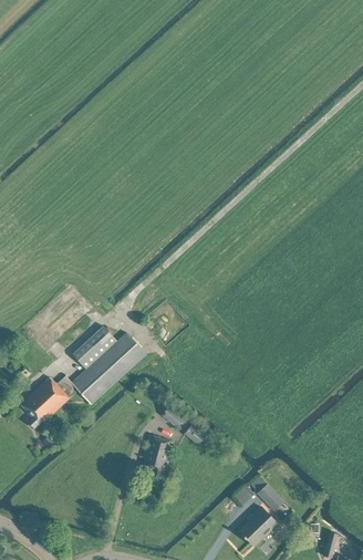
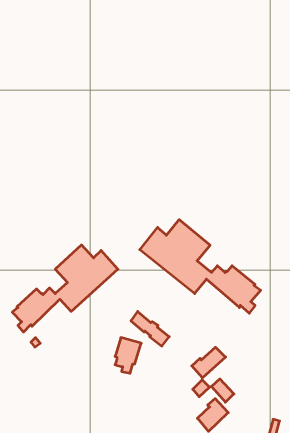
building: none -> [140,220,261,313]
building: none -> [192,347,226,378]

